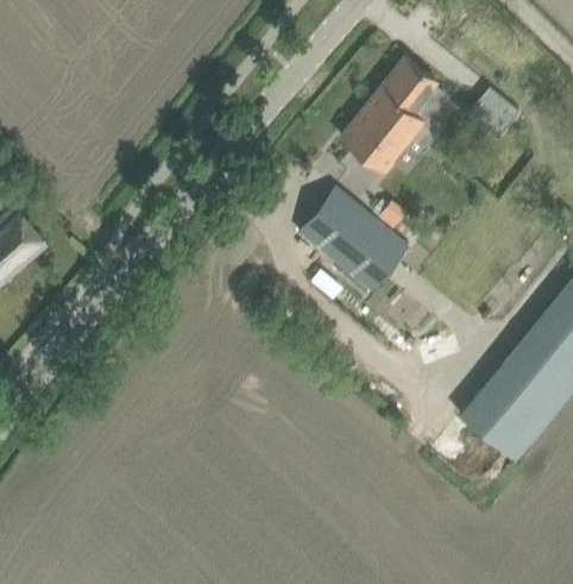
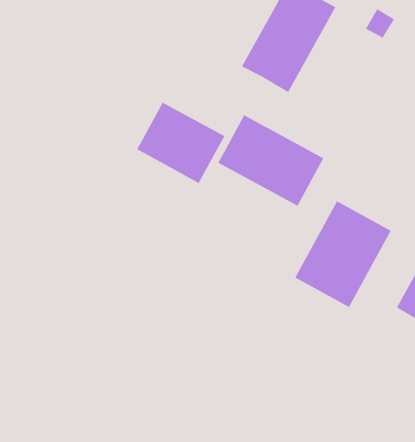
building: none -> [136,102,225,184]
building: none -> [294,200,391,308]

